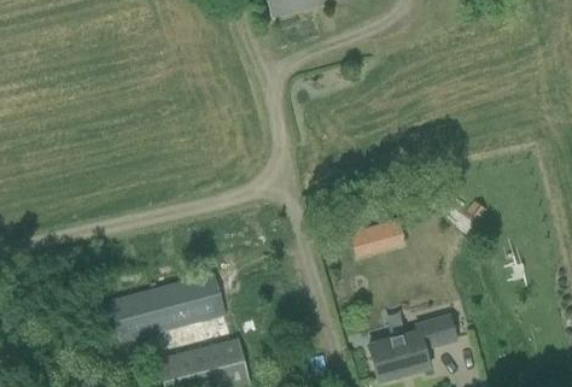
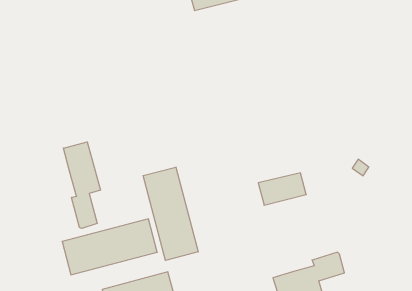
building: none -> [63,142,101,228]
building: none -> [143,167,198,260]

